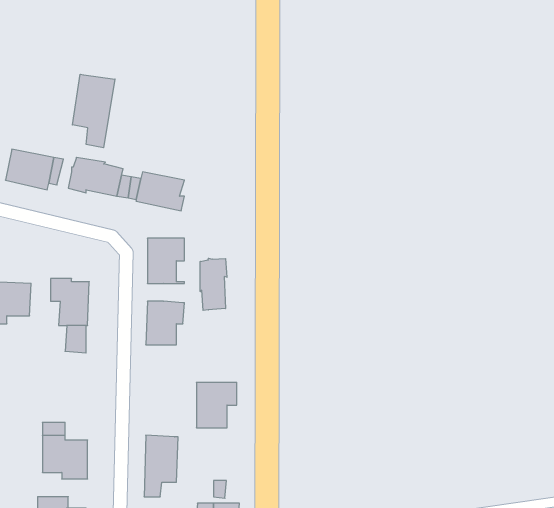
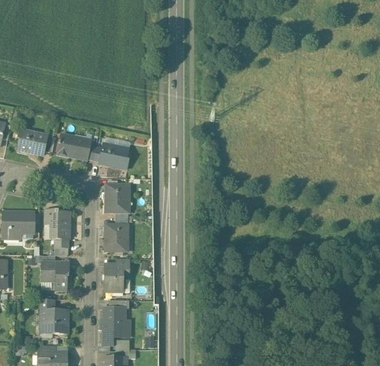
building: [72,74,115,148] -> none
building: [200,258,227,310] -> none
building: none -> [40,261,68,289]
building: [196,382,237,428] -> [104,263,129,291]

